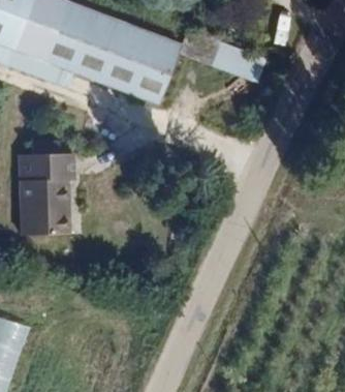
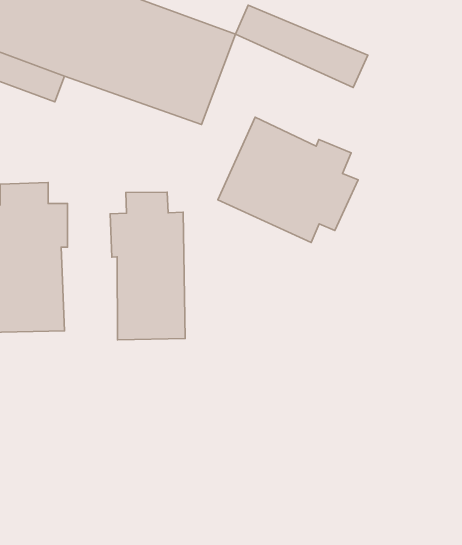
building: none -> [218,117,358,243]
building: none -> [110,192,185,340]

